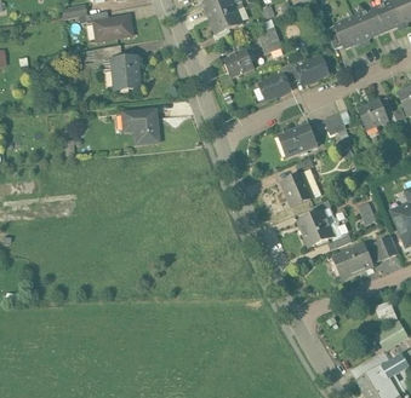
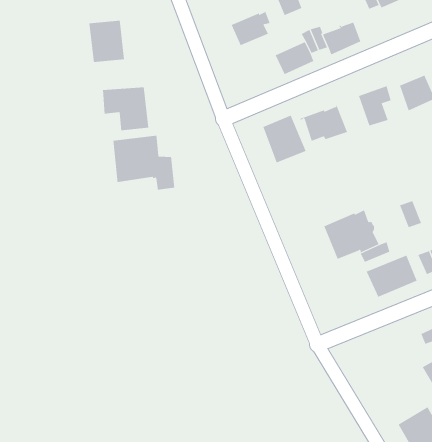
building: none -> [113,135,175,190]
building: [282,168,318,207] -> [262,115,306,163]

